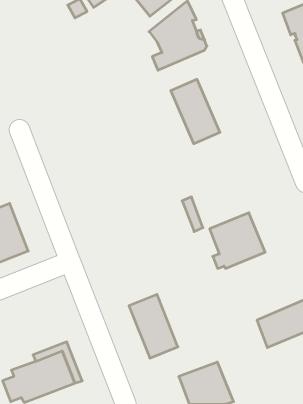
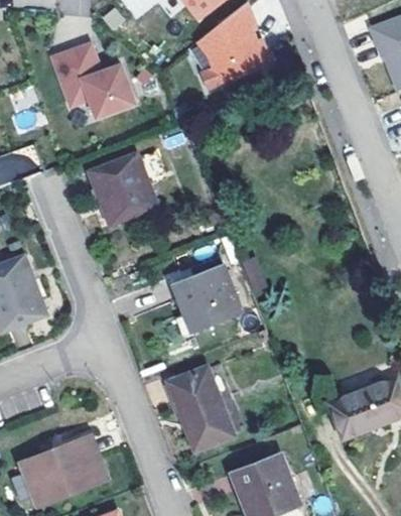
building: none -> [51,44,134,118]
building: [171,79,220,144] -> none
building: none -> [88,152,156,224]
building: [210,213,265,268] -> [173,263,243,333]

